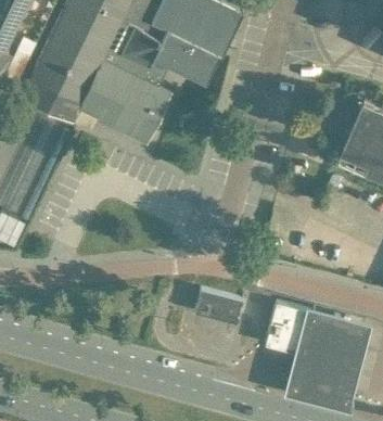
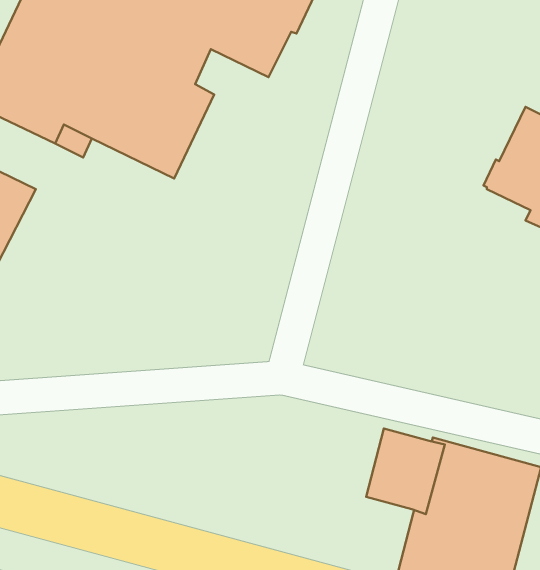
building: [194,293,243,328] -> none

